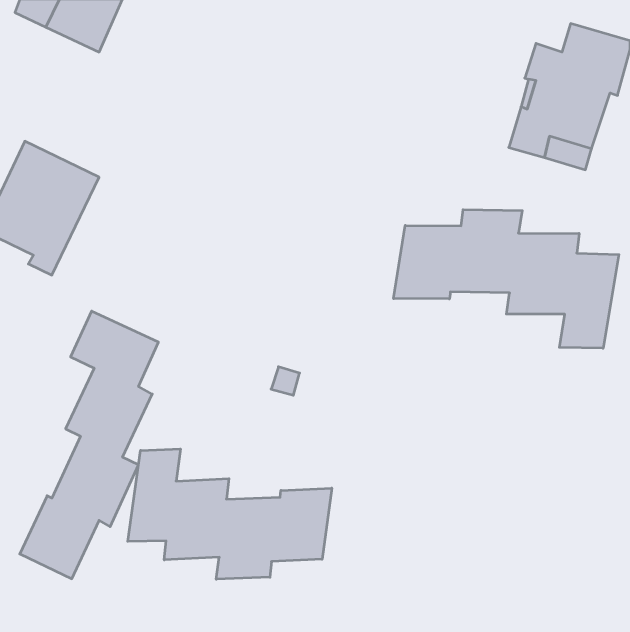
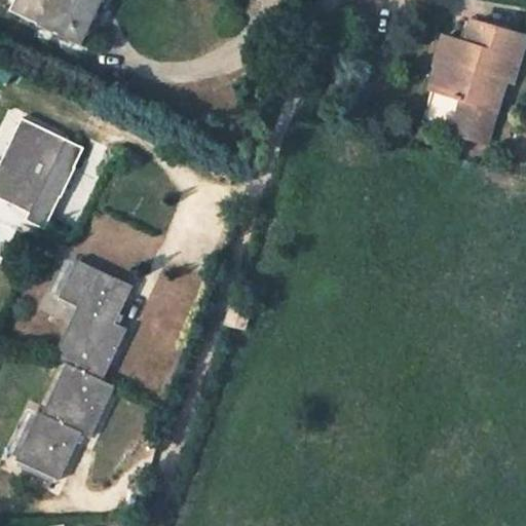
building: [394,210,619,348] -> none
building: [128,449,332,579] -> none

